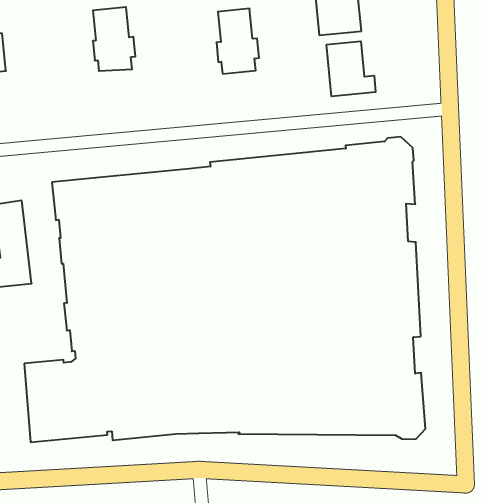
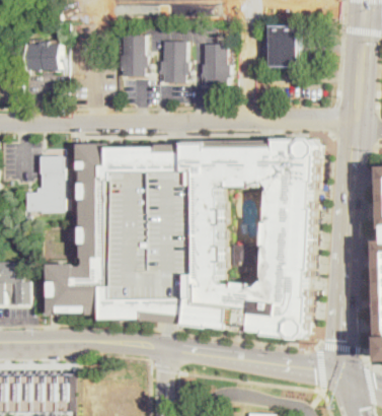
building: none -> [157,41,185,82]
building: [327,41,376,96] -> none

